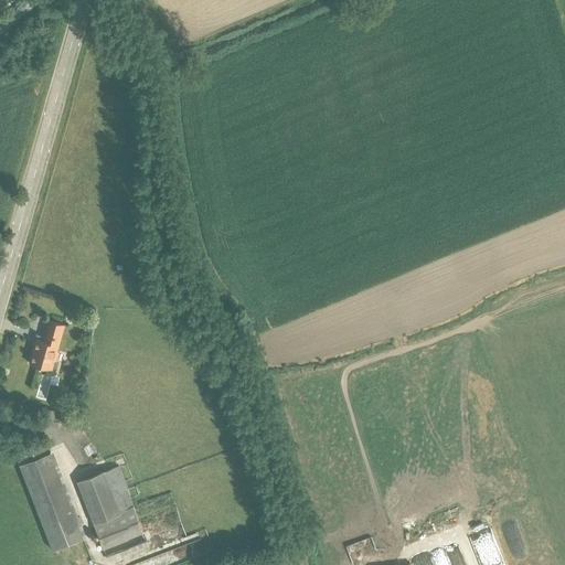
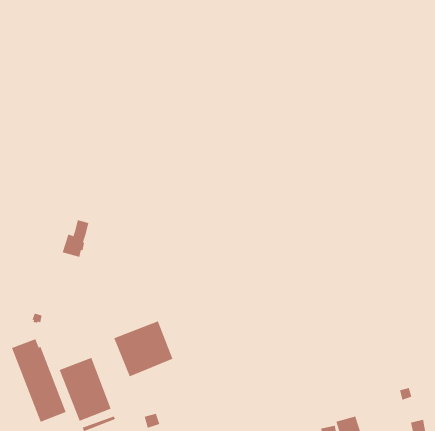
building: [29,323,64,373] -> [62,219,89,258]
building: none -> [114,320,173,377]

